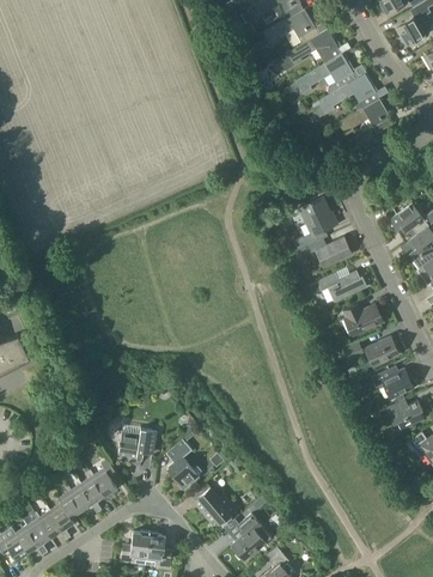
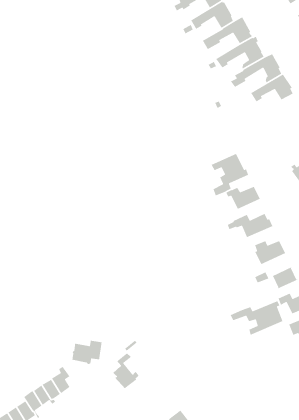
building: none -> [230,300,283,336]
building: [190,484,236,521] -> none

